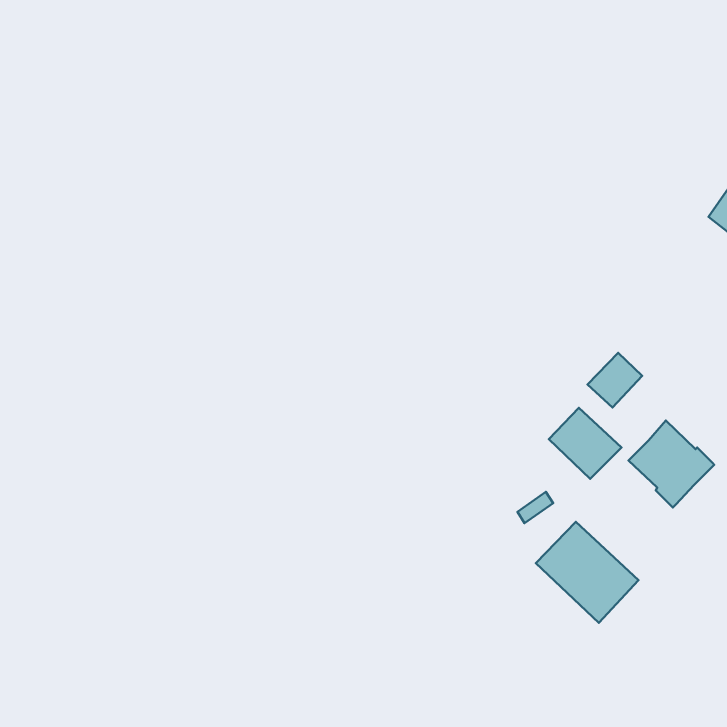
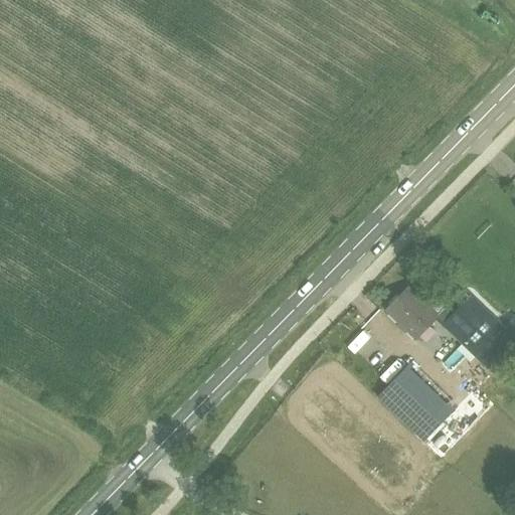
building: [587,353,642,407] -> none

